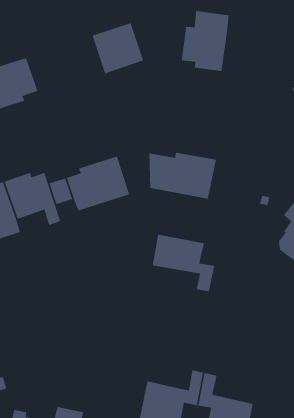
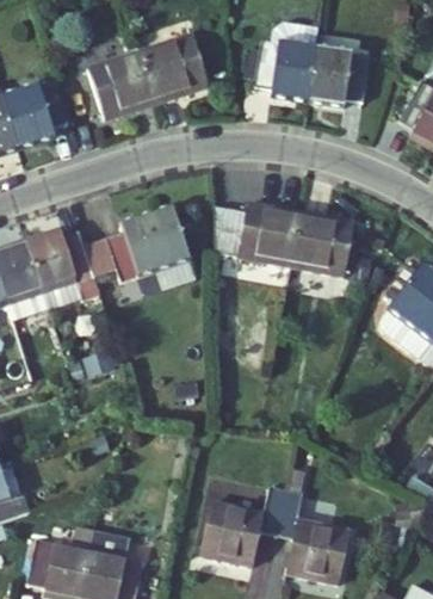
building: none -> [309,45,369,103]
building: none -> [88,50,156,118]
building: none -> [291,211,355,273]
building: [152,234,215,292] -> none

